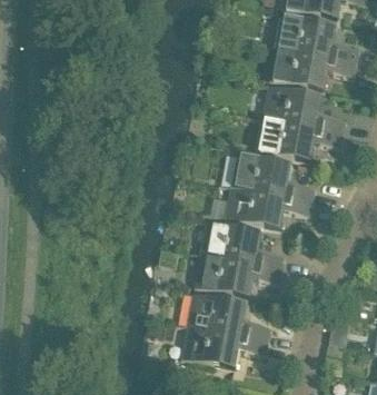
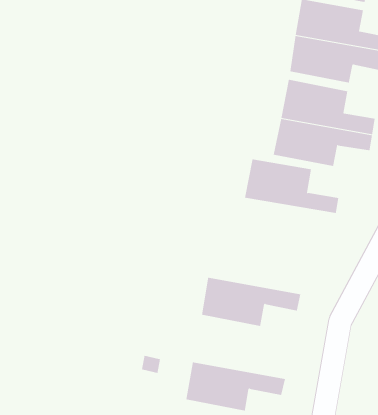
building: [229,184,314,226] -> none
building: [204,219,286,266] -> none
building: [190,290,272,338] -> none

